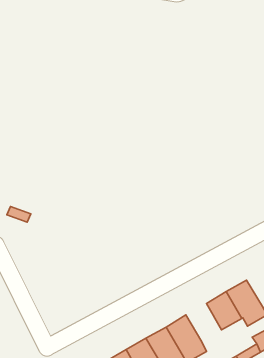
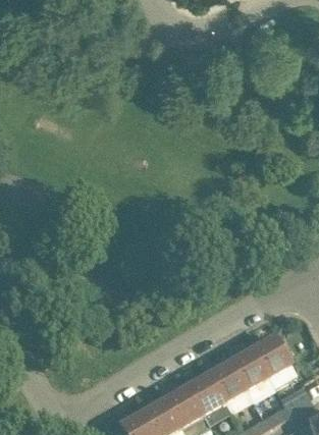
building: none -> [208,362,247,403]

